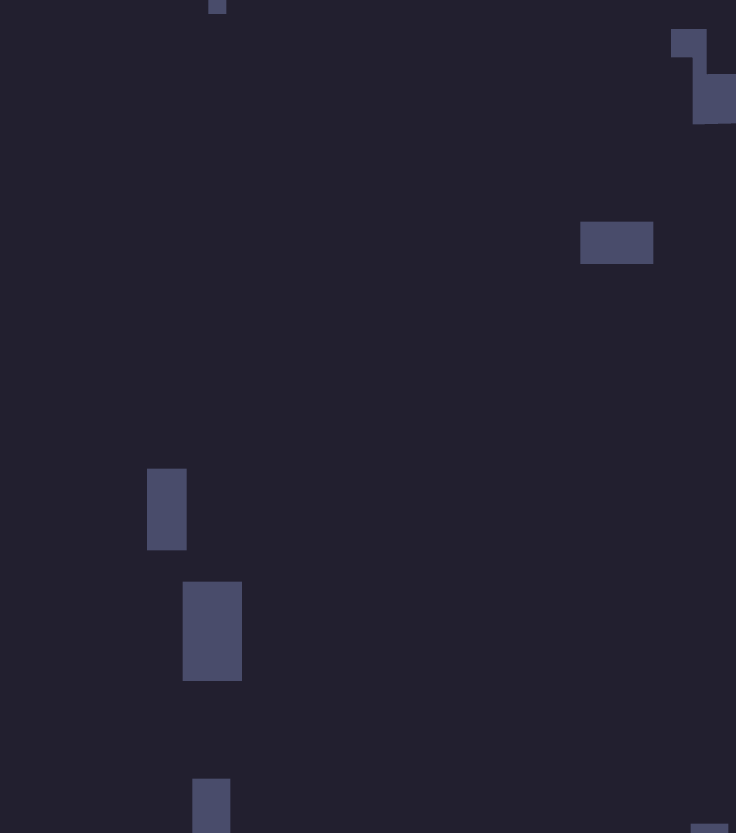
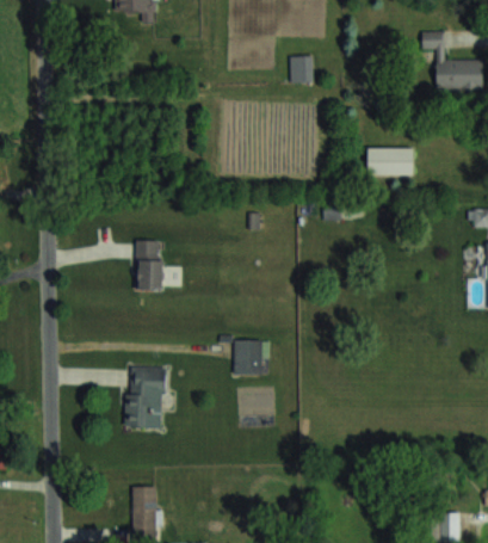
building: none -> [290,56,313,82]
building: [146,468,187,551] -> [136,241,161,291]
building: none -> [234,340,267,375]

